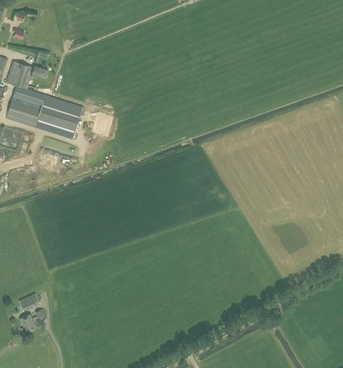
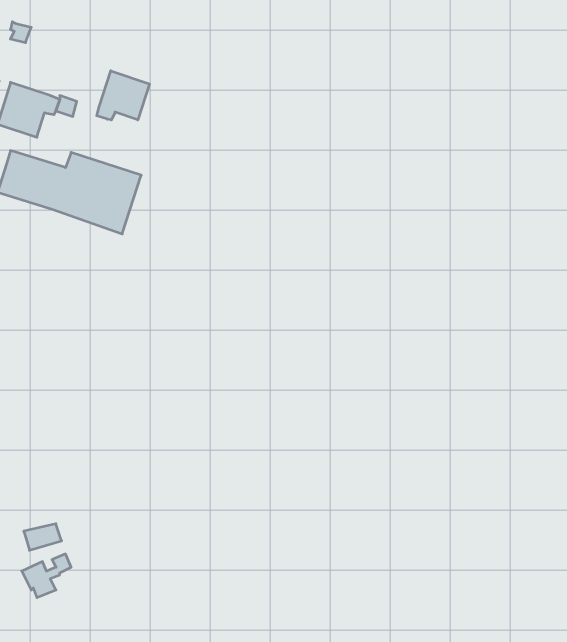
building: none -> [97,71,150,120]

